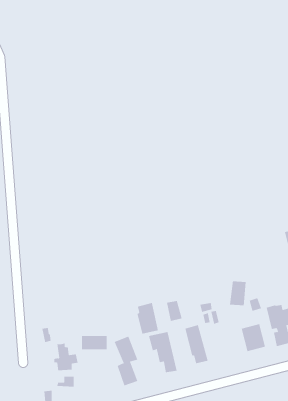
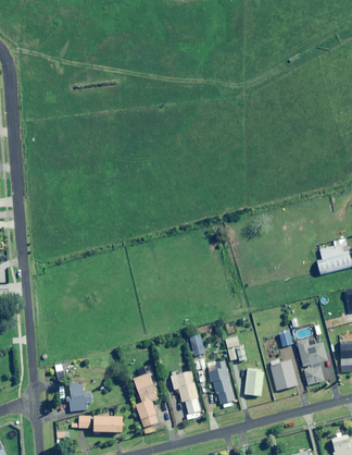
building: [229,281,246,306] -> [244,368,263,395]
building: [137,302,159,335] -> none
building: [81,336,107,350] -> [93,416,122,431]

